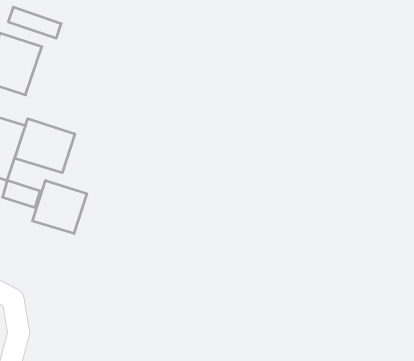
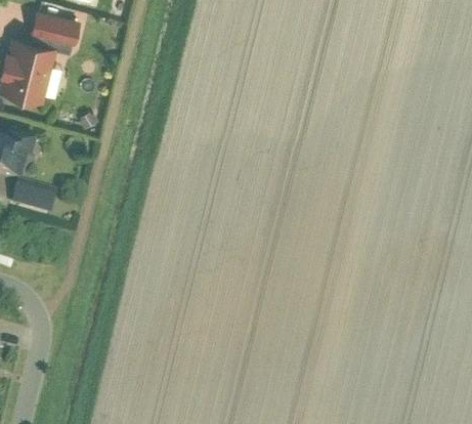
building: [15,119,75,173] -> none
building: [32,180,87,234] -> none

